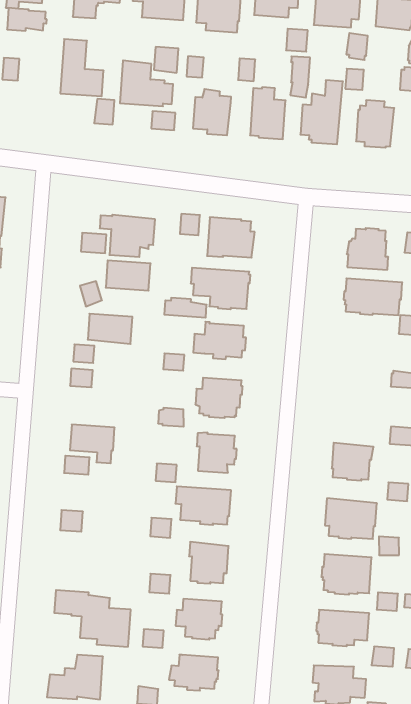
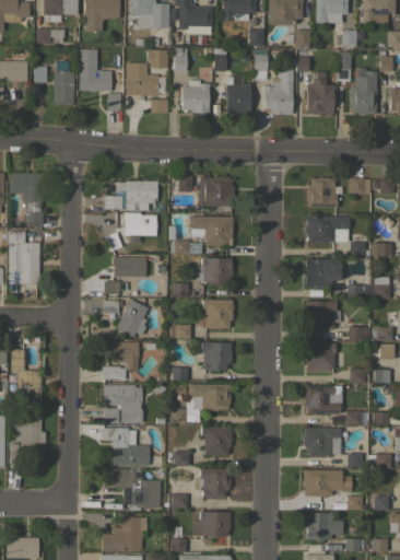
building: none -> [54,62,75,104]
building: none -> [306,258,342,289]
building: none -> [116,299,149,337]
building: none -> [305,301,337,331]
building: none -> [104,385,143,423]
building: none -> [102,428,150,466]

